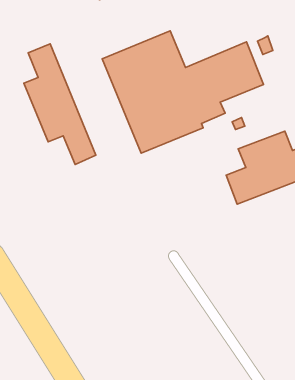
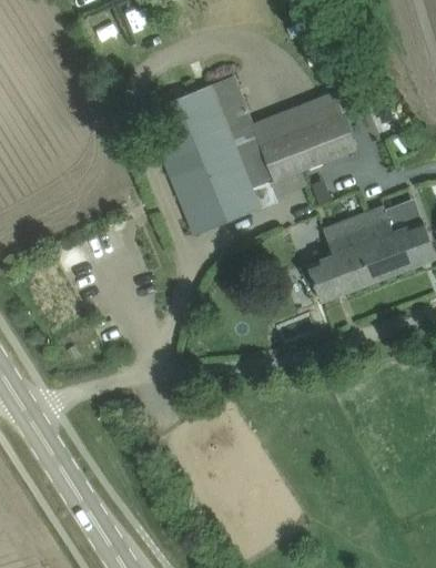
building: [24,44,96,165] -> none

